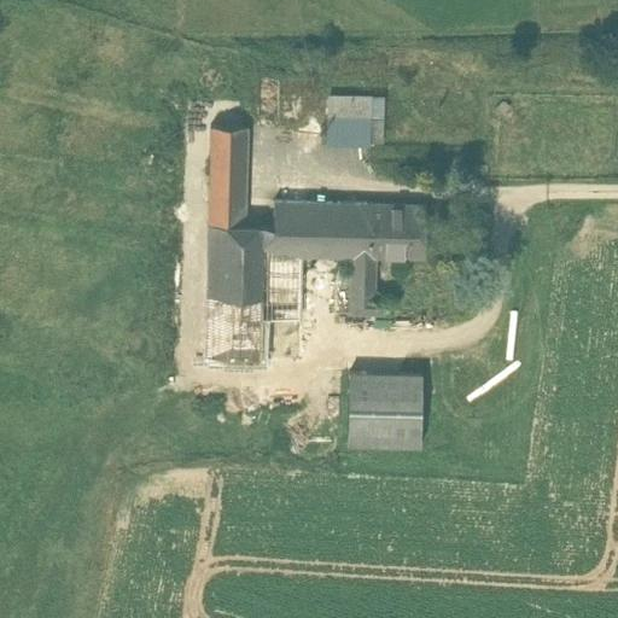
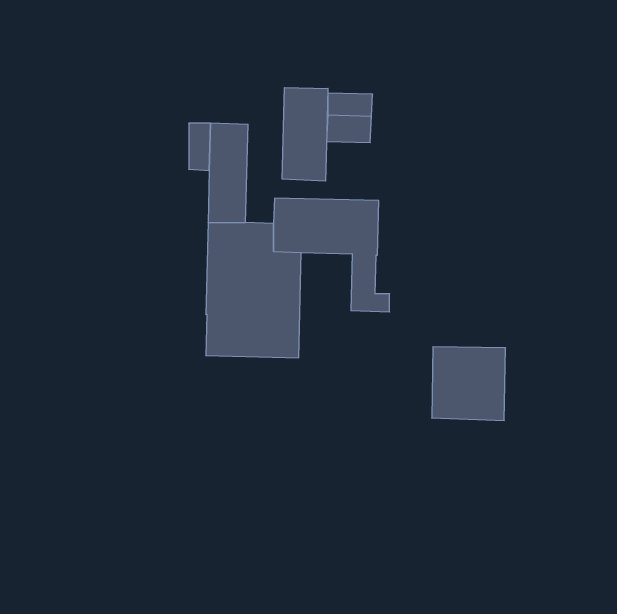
building: none -> [282,88,328,181]
building: [378,204,426,260] -> none
building: [349,373,422,447] -> [432,347,506,420]

